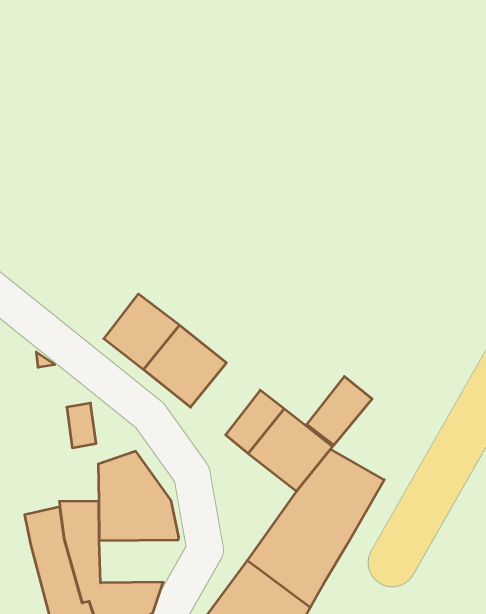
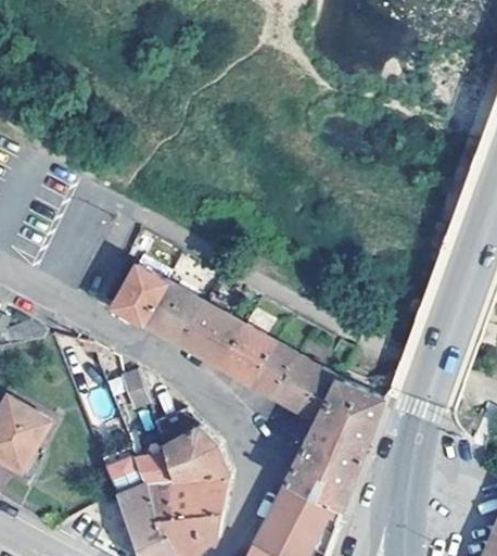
building: none -> [110,254,168,321]
building: none -> [219,325,272,382]
building: [307,376,372,445] -> none
building: none -> [164,472,227,517]

